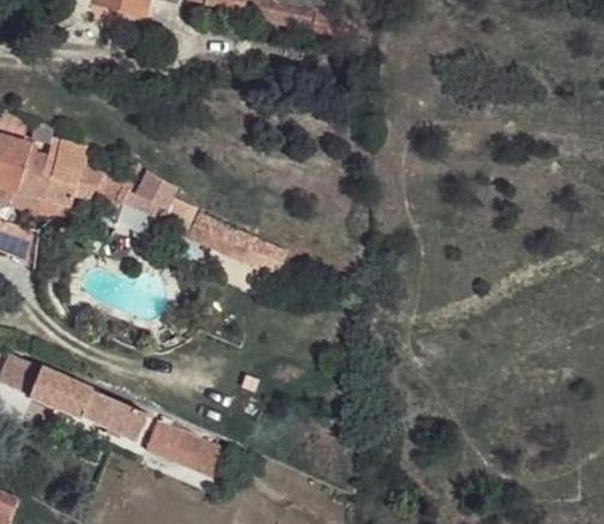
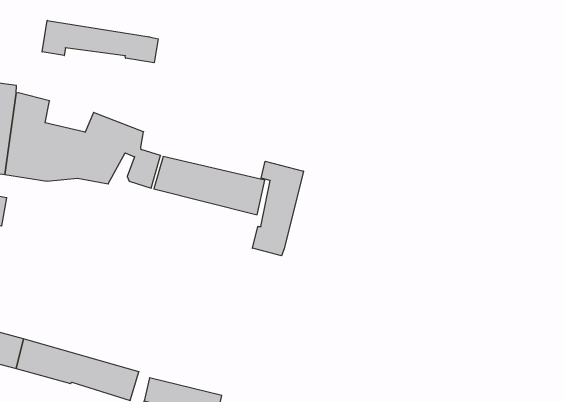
building: none -> [42,20,158,63]
building: none -> [252,161,303,256]

